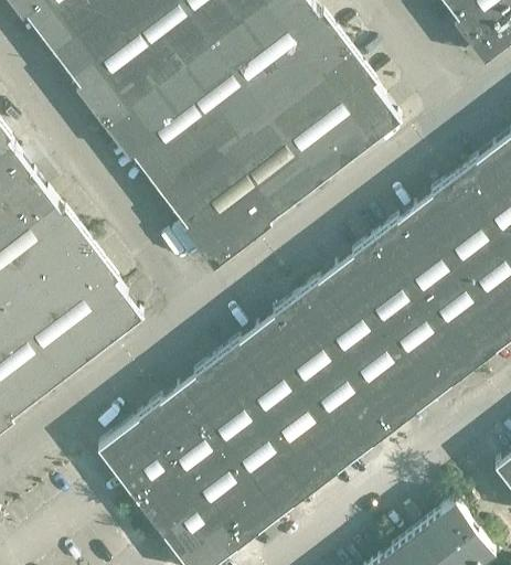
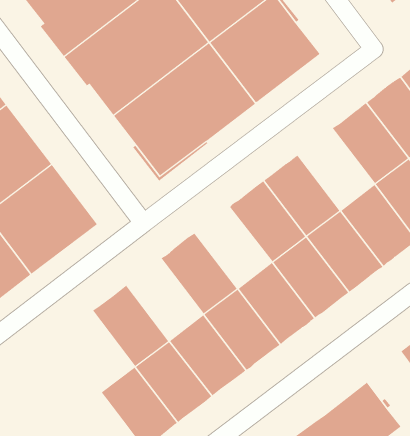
building: [375,206,465,302] -> none
building: [256,298,345,393] -> none
building: [177,358,266,454] -> none
building: [97,418,187,513] -> none

